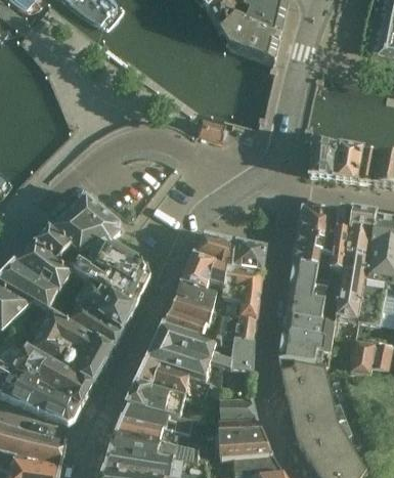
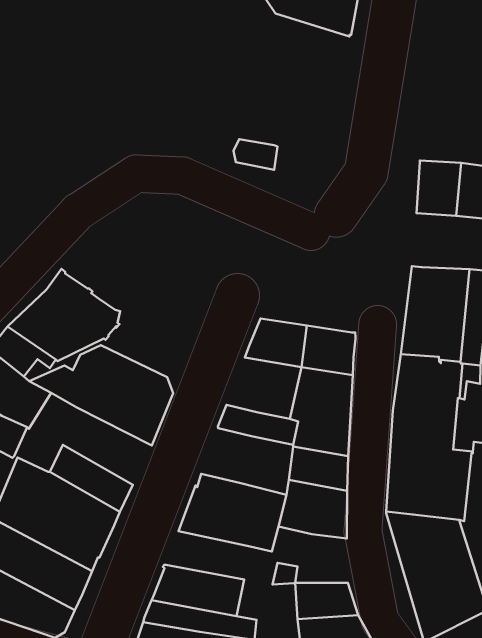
building: [182,255,230,295] -> none
building: [75,279,134,330] -> none
building: [164,298,222,342] -> none
building: [138,360,191,393] -> none

